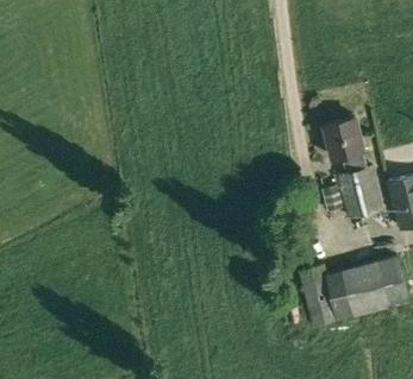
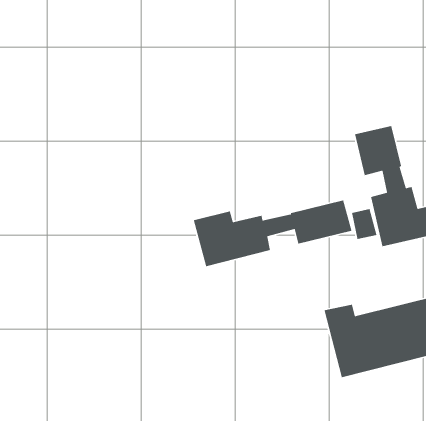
building: none -> [193,199,352,267]

